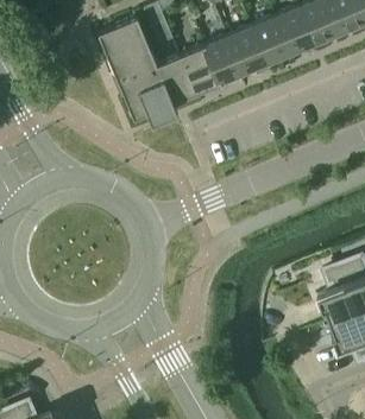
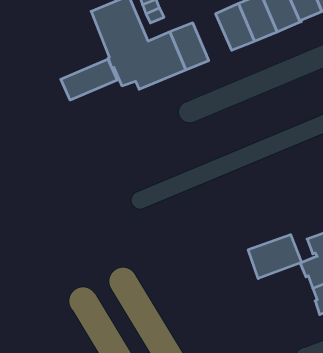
building: [203,36,244,84] -> none
building: none -> [61,59,117,100]
building: none -> [248,235,302,279]

